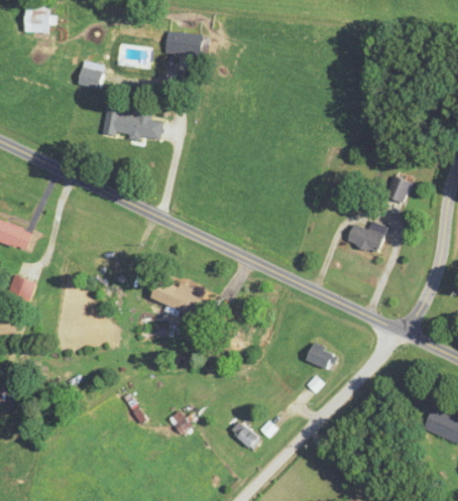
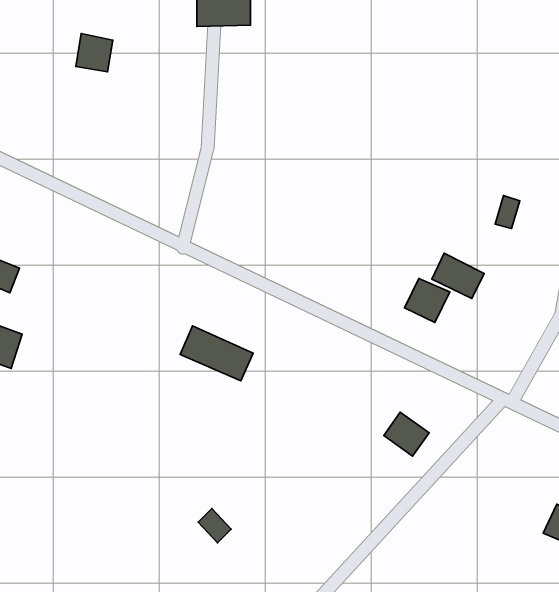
building: [103,109,164,141] -> none
building: none -> [405,278,450,323]
building: [232,419,261,449] -> none

